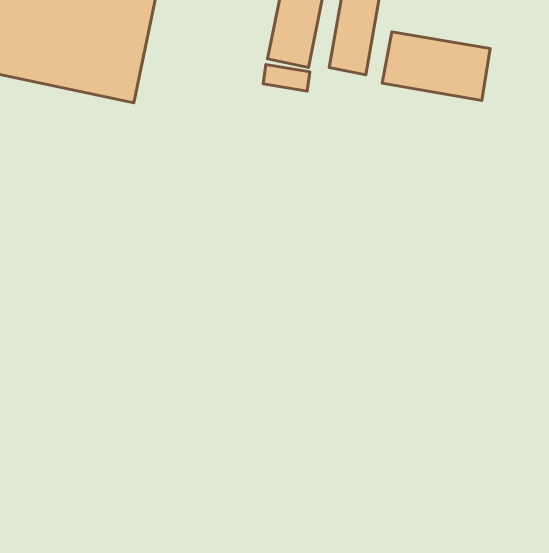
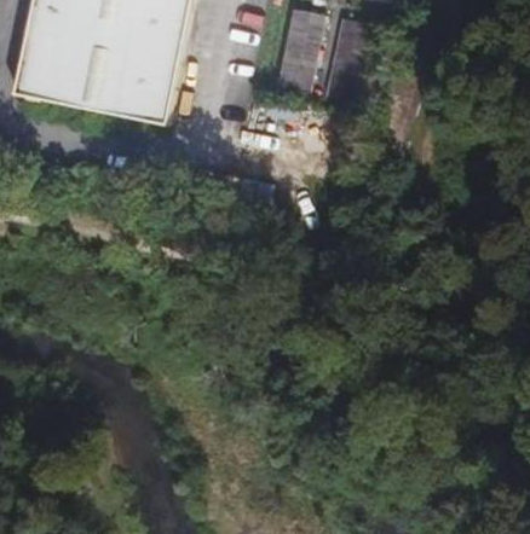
building: [382,32,490,100] -> none

